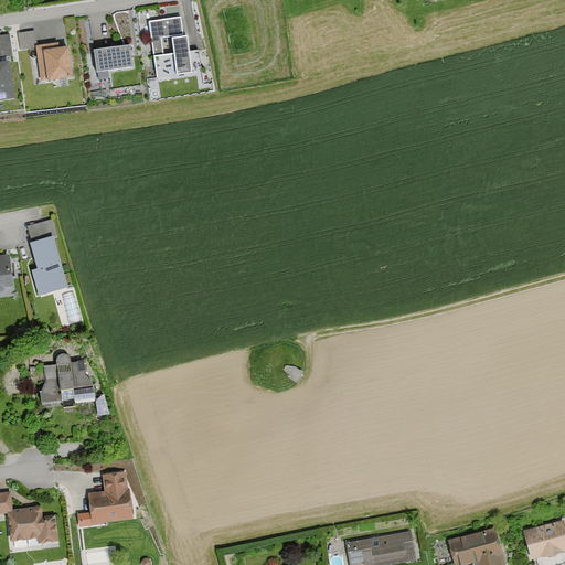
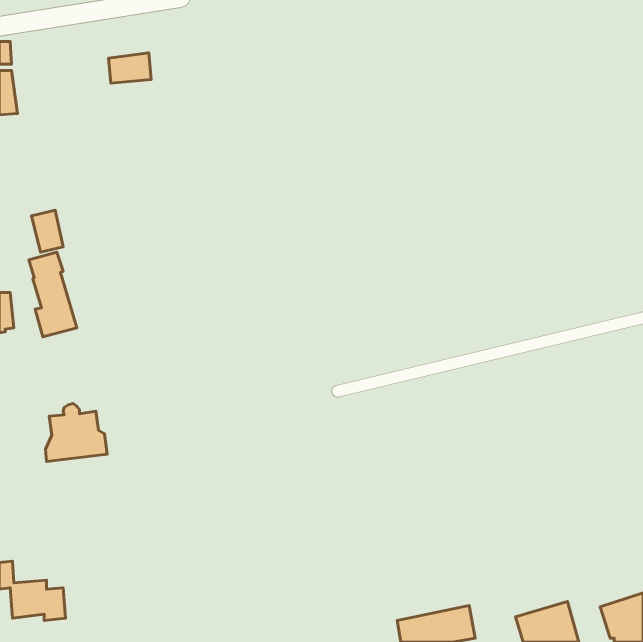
building: [148,19,199,78] -> none
building: [17,32,73,82] -> none
building: none -> [32,210,63,252]
building: [87,471,134,523] -> none

